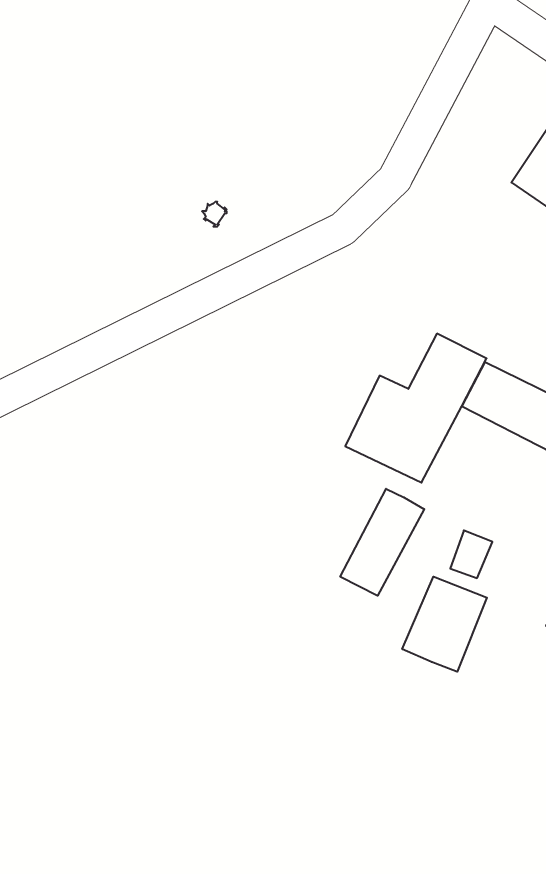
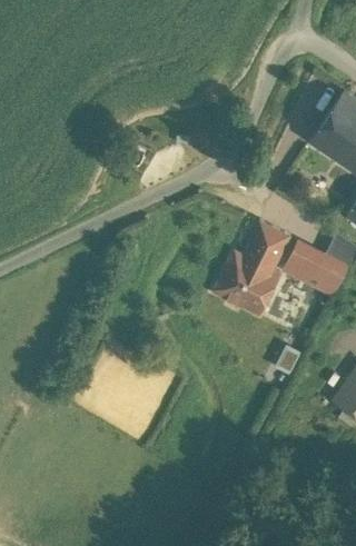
building: [340,489,424,596] -> none
building: [402,577,487,672] -> none

